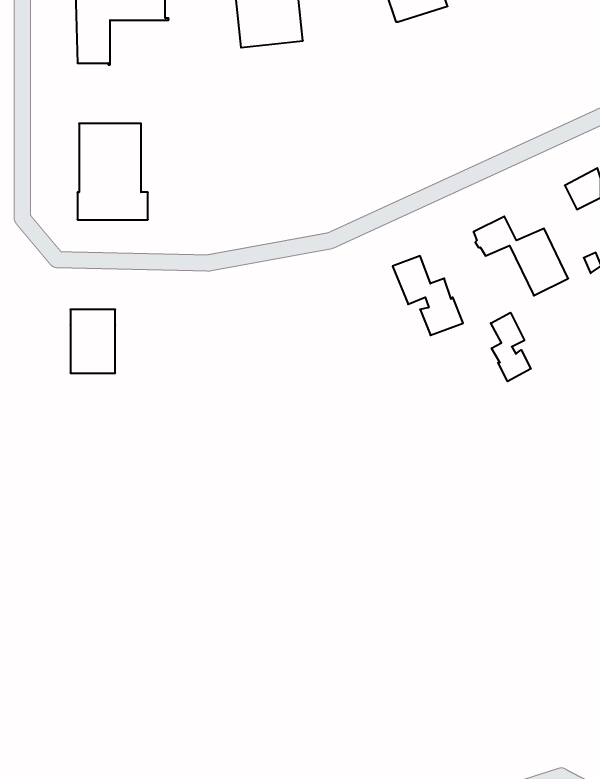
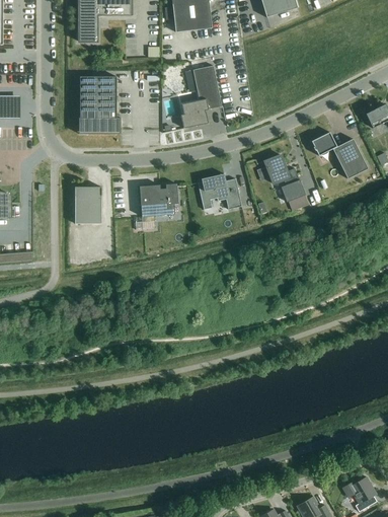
building: none -> [179,66,221,129]
building: none -> [197,173,241,210]
building: none -> [139,183,177,217]
building: [491,313,531,381] -> none

